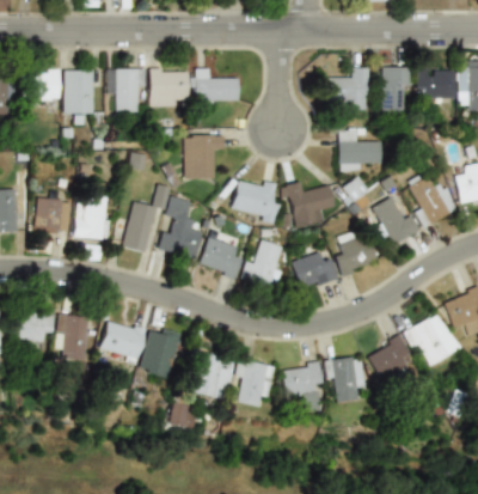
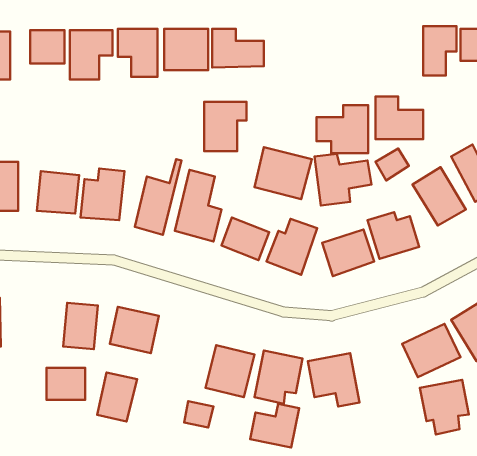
building: [323,66,369,109] -> [316,105,368,153]
building: [19,310,54,339] -> [47,368,85,400]
building: [142,329,178,373] -> [97,372,137,422]
building: [323,353,367,402] -> [420,380,469,434]
building: none -> [250,404,299,447]

